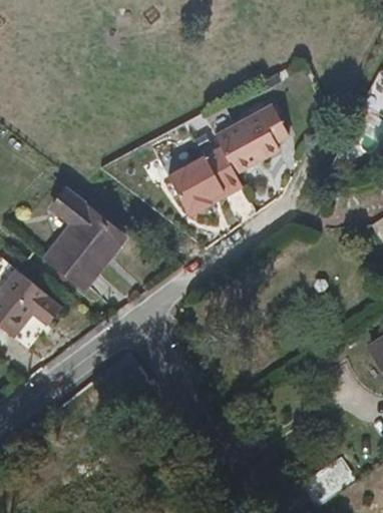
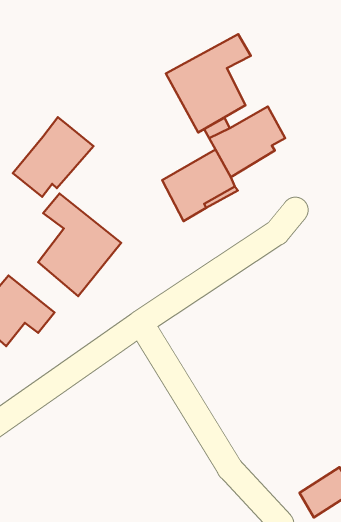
building: none -> [166,34,251,132]
building: none -> [13,117,94,197]

